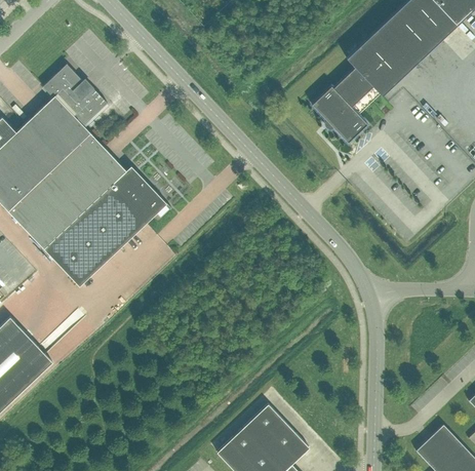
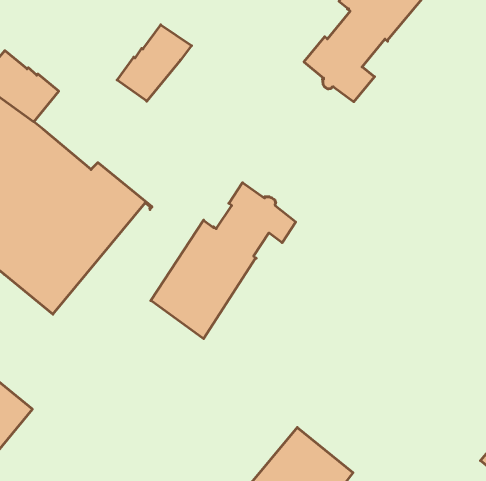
building: none -> [117,25,192,101]
building: none -> [151,183,296,339]

